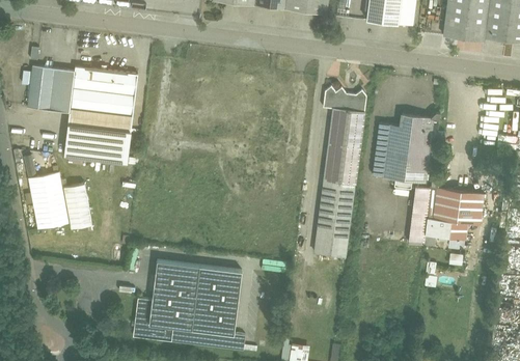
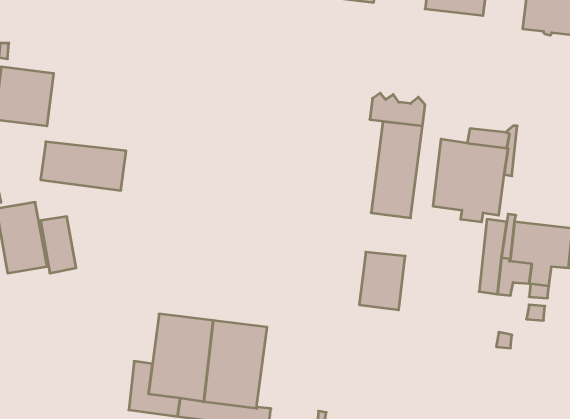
building: [67,66,138,132] -> none
building: [320,180,355,215] -> none

